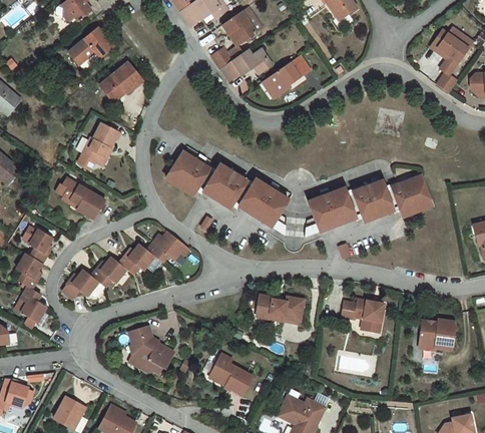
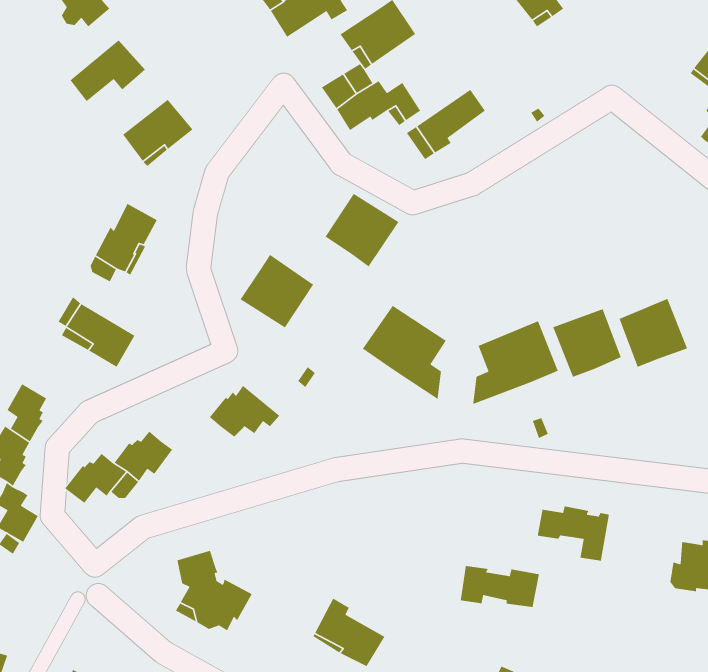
building: [202,165,247,209] -> [325,193,399,268]
building: [119,243,154,273] -> none
building: [257,295,304,320] -> [460,565,540,608]

